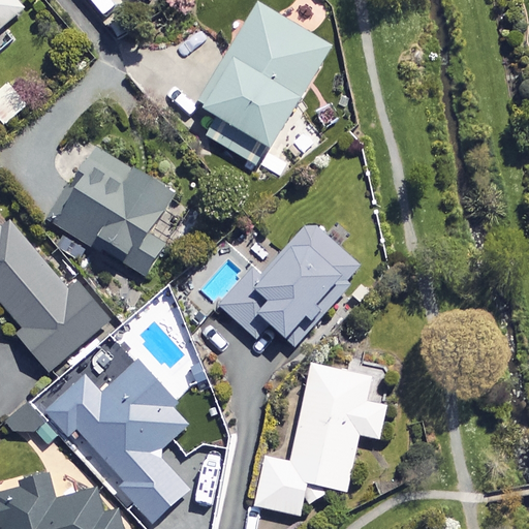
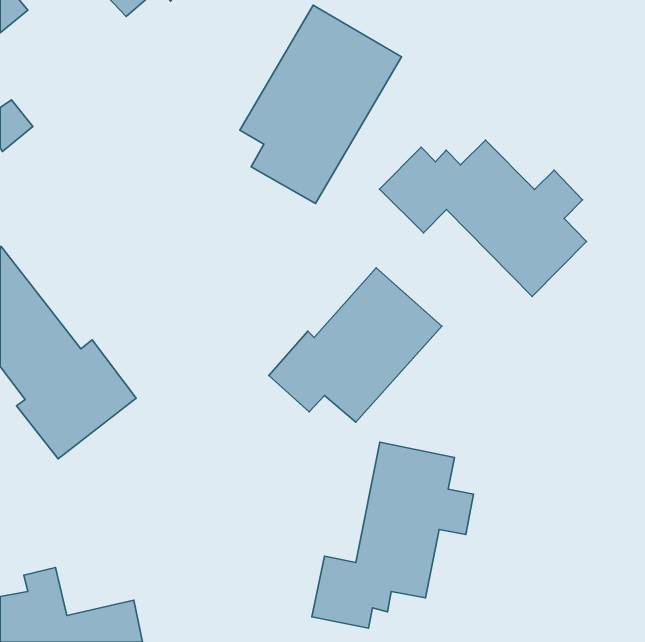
building: none -> [380,140,587,297]
building: [51,148,172,276] -> none
building: [31,361,190,521] -> none

